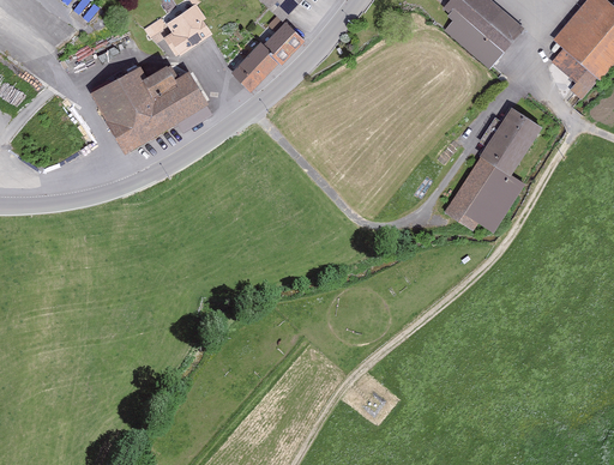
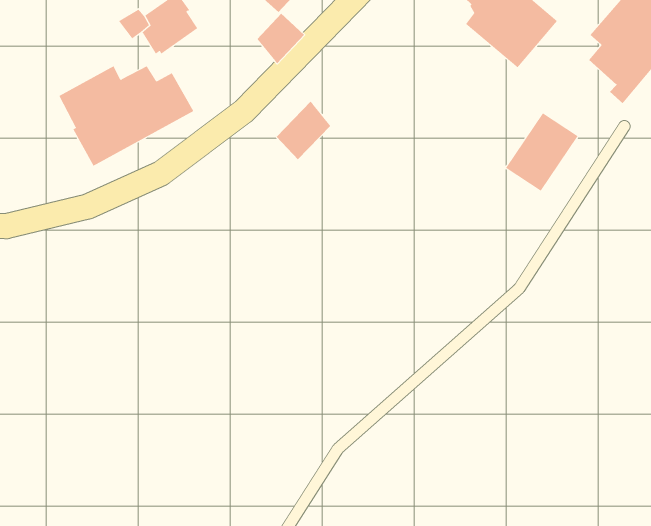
building: [230,41,278,92] -> [276,101,331,160]
building: [443,155,525,232] -> none

